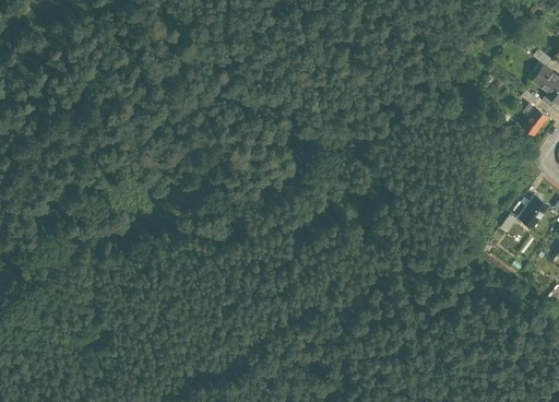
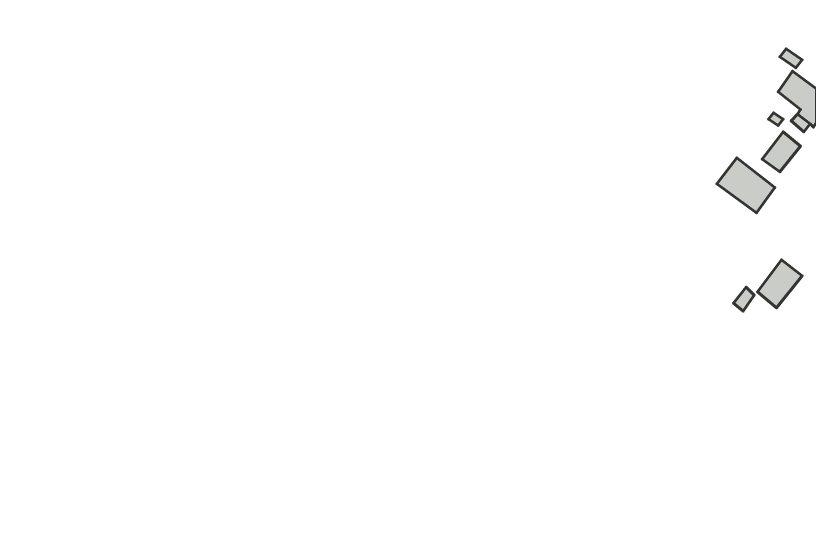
building: none -> [717,158,775,213]

